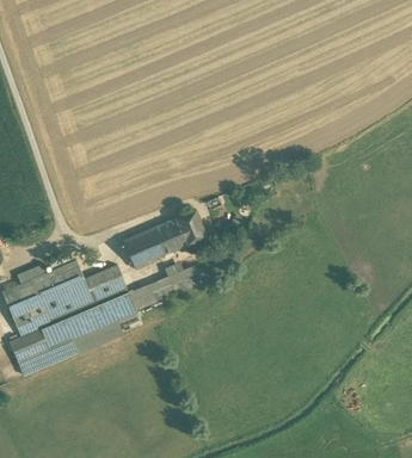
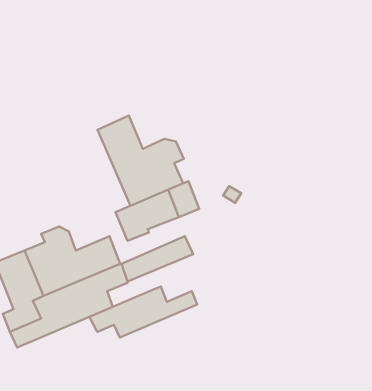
building: none -> [98,115,184,206]
building: none -> [90,286,197,337]

